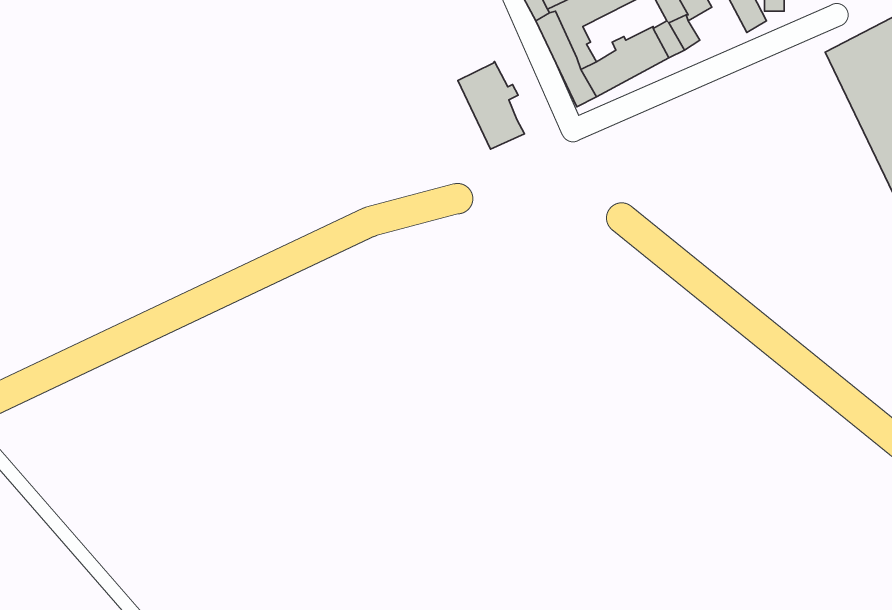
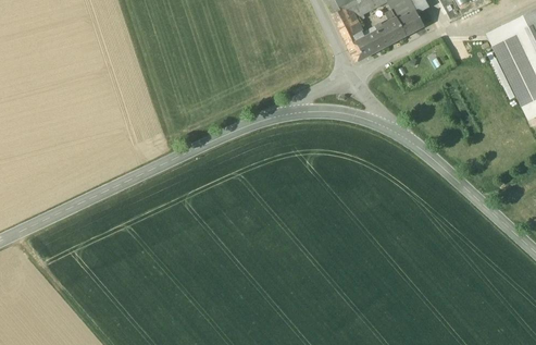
building: [458,62,524,149] -> none

